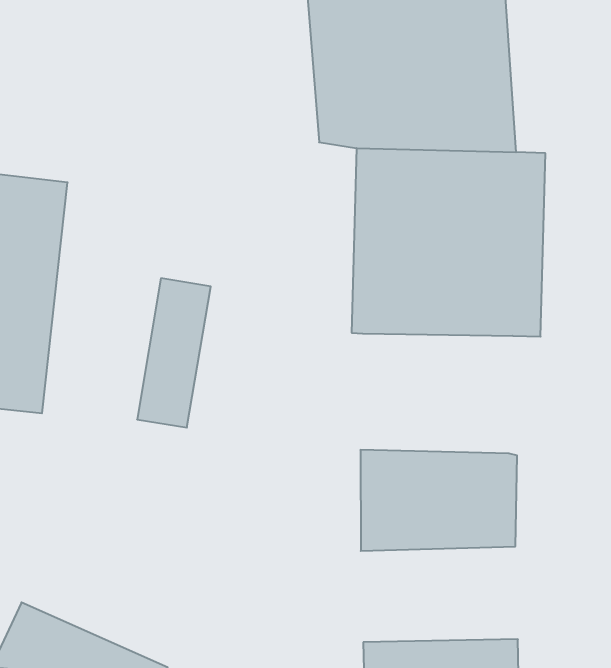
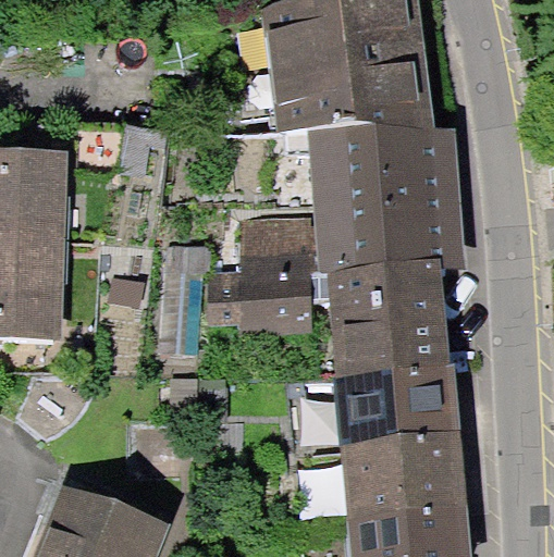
building: none -> [202,219,309,331]
building: none -> [324,267,445,364]
building: none -> [336,430,464,513]

